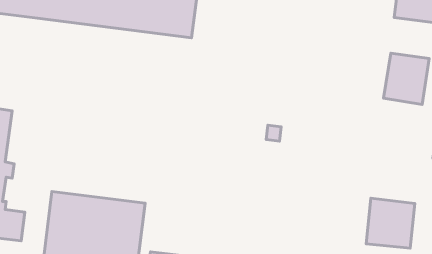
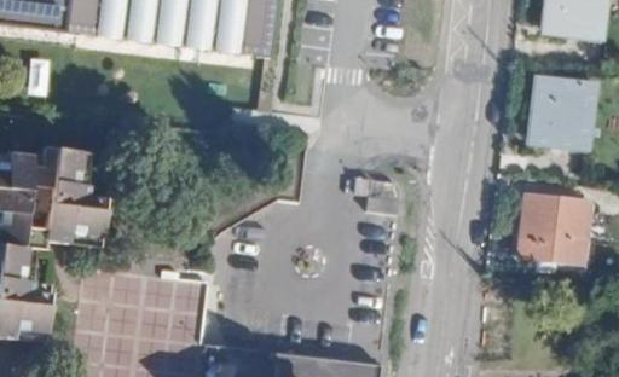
building: none -> [35,145,103,238]
building: [366,198,415,248] -> [522,195,588,262]

